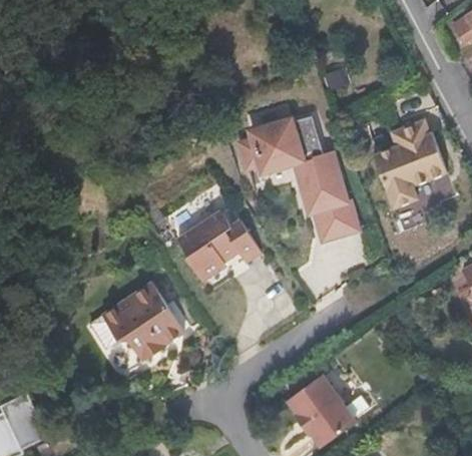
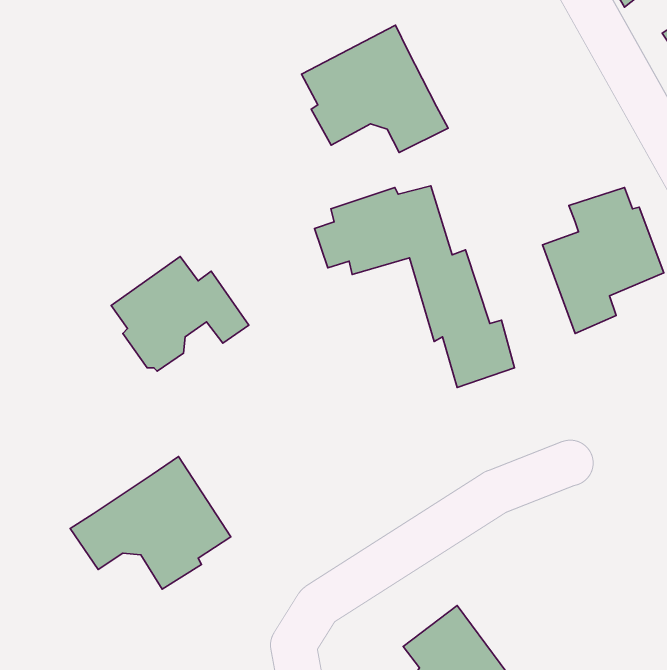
building: none -> [302,25,448,153]
building: [178,211,263,282] -> [111,256,249,371]

